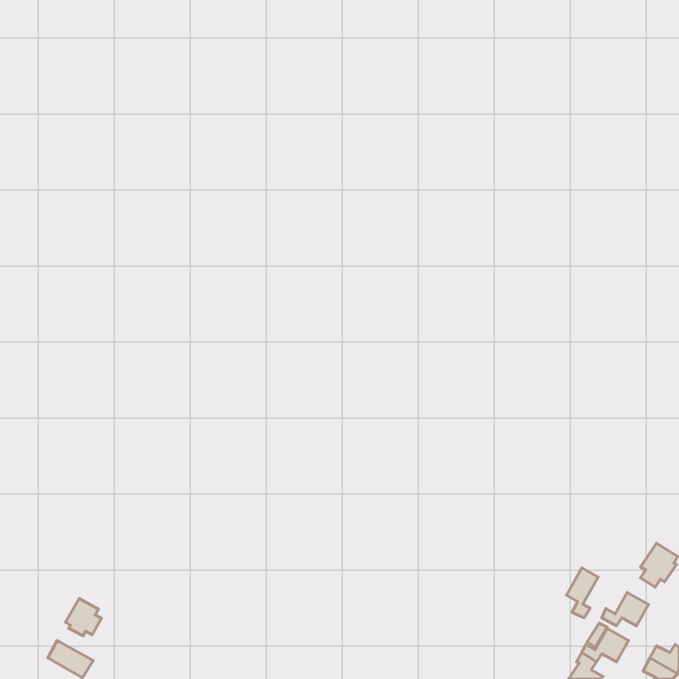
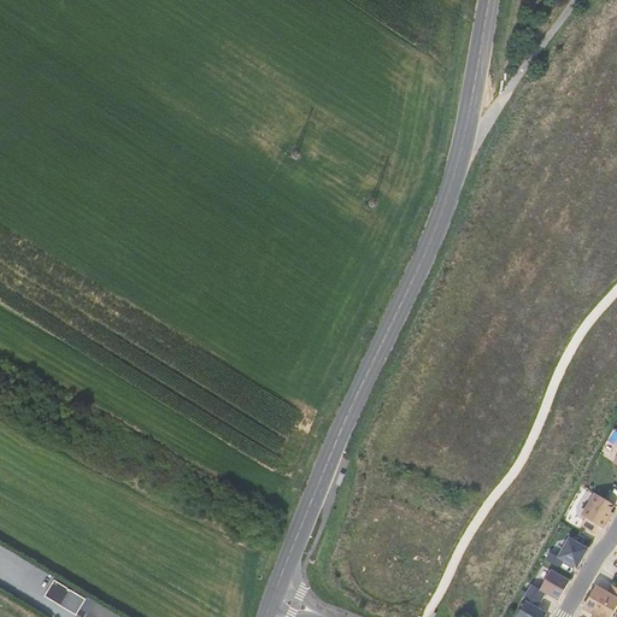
building: [567,568,598,618] -> none
building: [65,599,101,636] -> none

